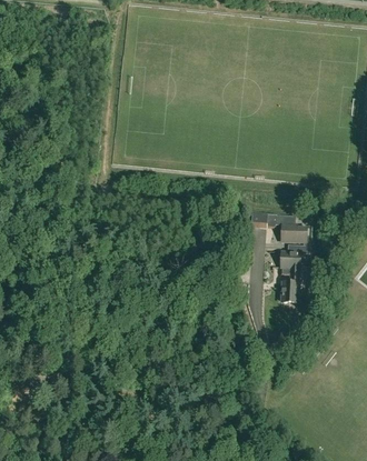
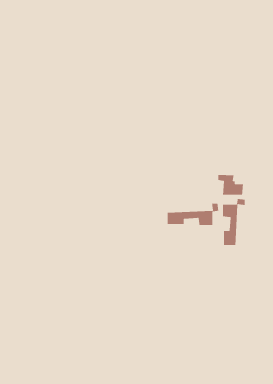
building: none -> [167,203,219,226]

